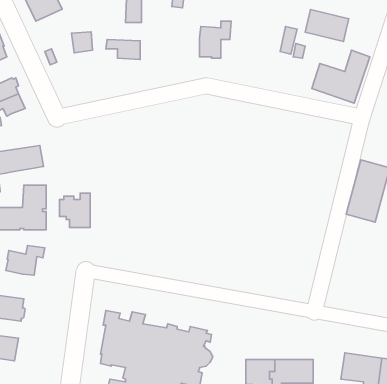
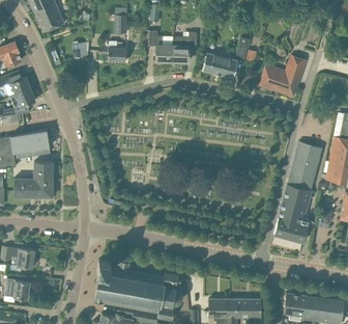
building: [305,10,349,41] -> [202,52,236,77]
building: none -> [148,31,172,61]
building: [59,193,90,227] -> none
building: none -> [273,184,311,242]
building: [6,246,45,275] -> none

